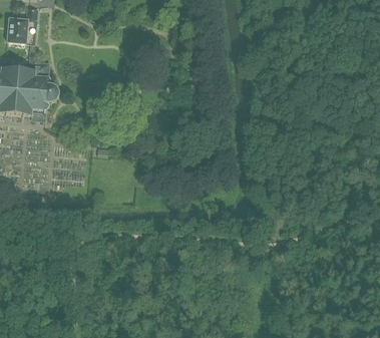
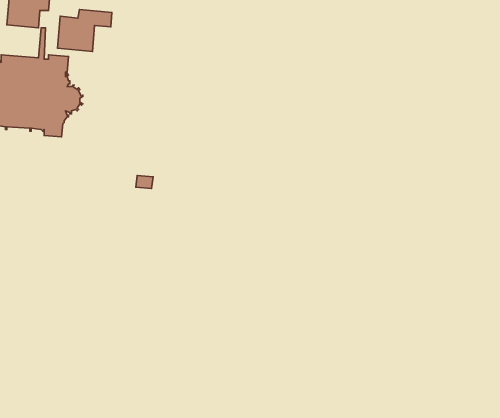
building: none -> [57,10,112,52]

